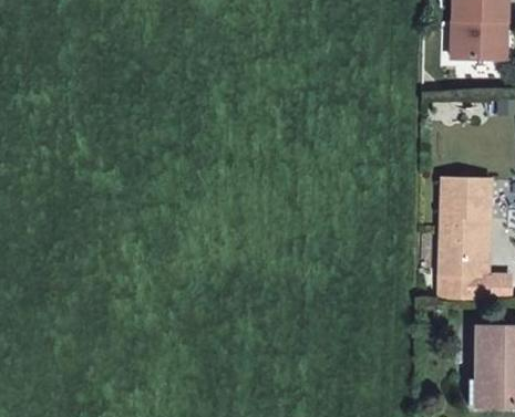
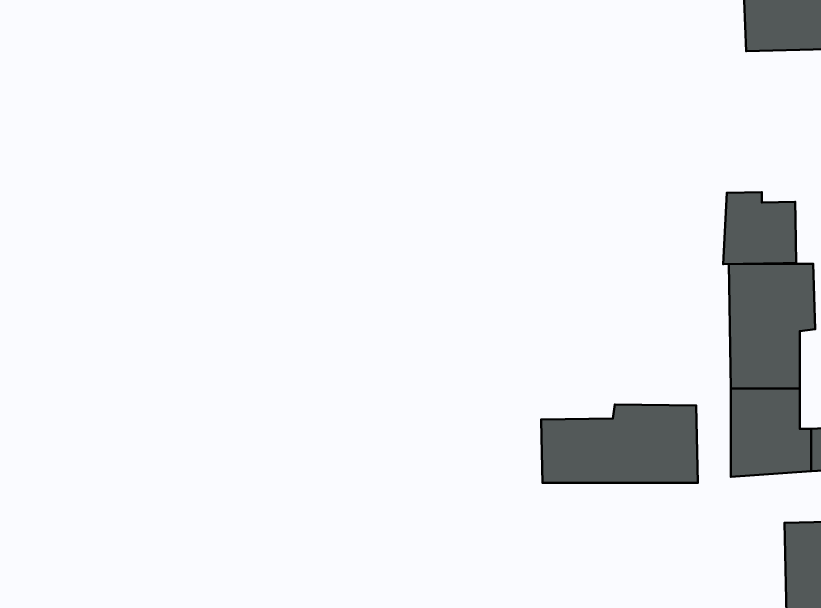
building: none -> [723,192,796,264]
building: none -> [541,404,698,483]

